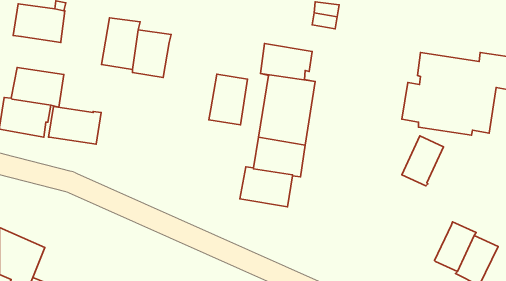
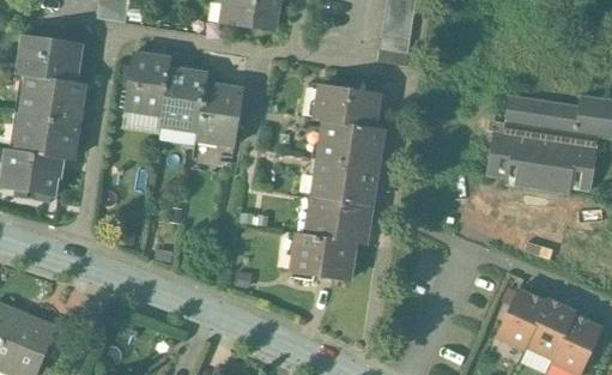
building: [209,74,248,125] -> [195,83,242,144]
building: [48,106,101,144] -> [20,75,84,121]
building: [402,136,444,186] -> [495,289,545,349]

